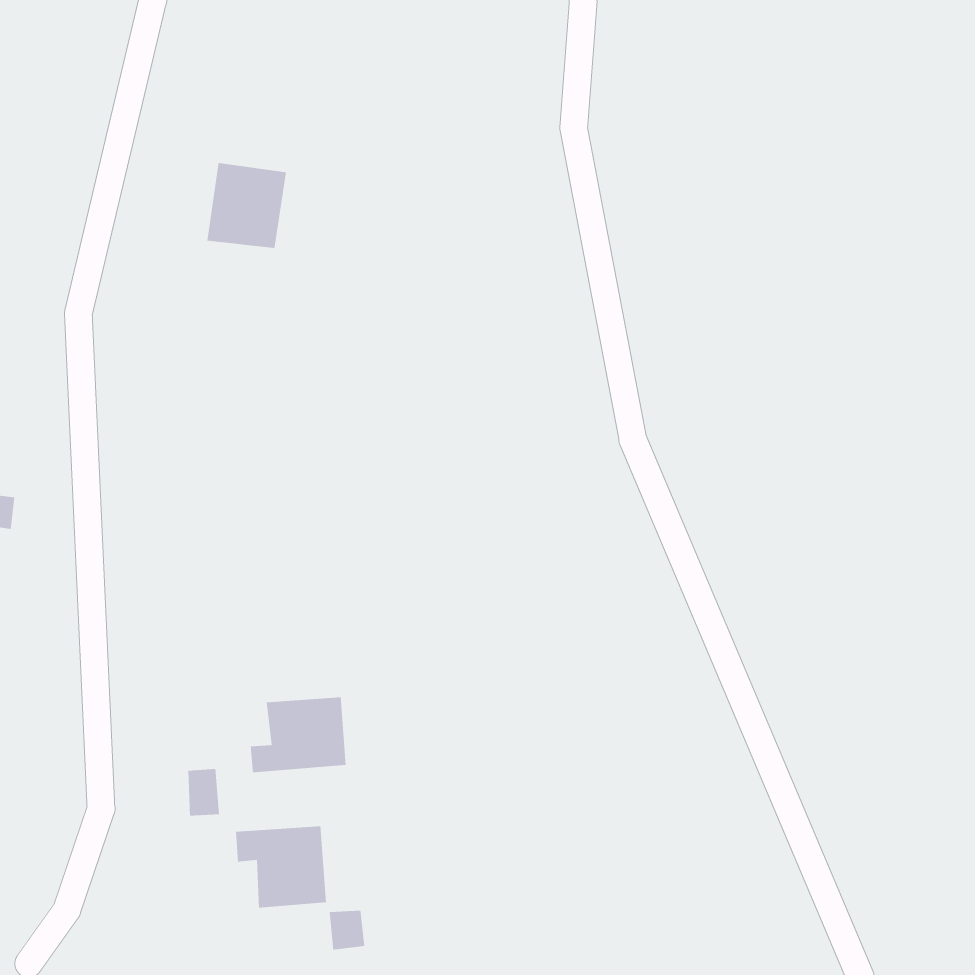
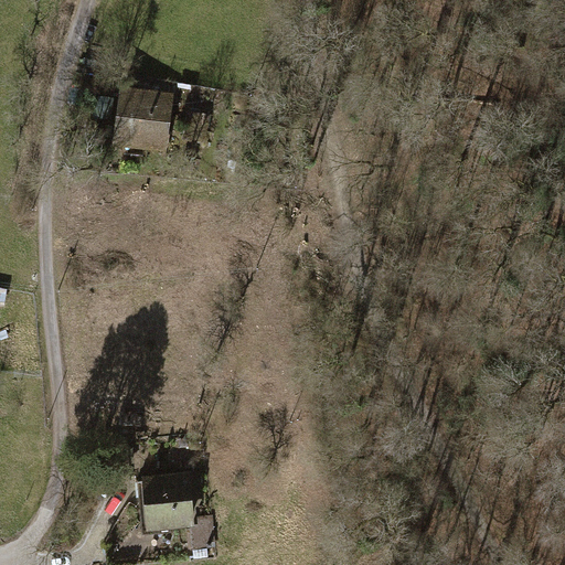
building: [250,697,346,773] -> none

